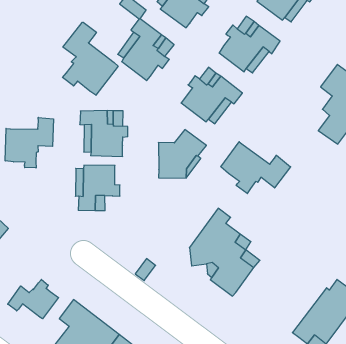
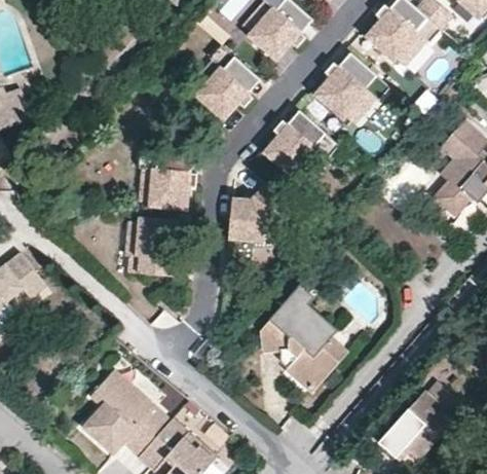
building: [63,22,118,95] -> none
building: [5,117,53,168] -> none
building: [221,142,291,194] -> none
building: [8,279,59,319] -> none

